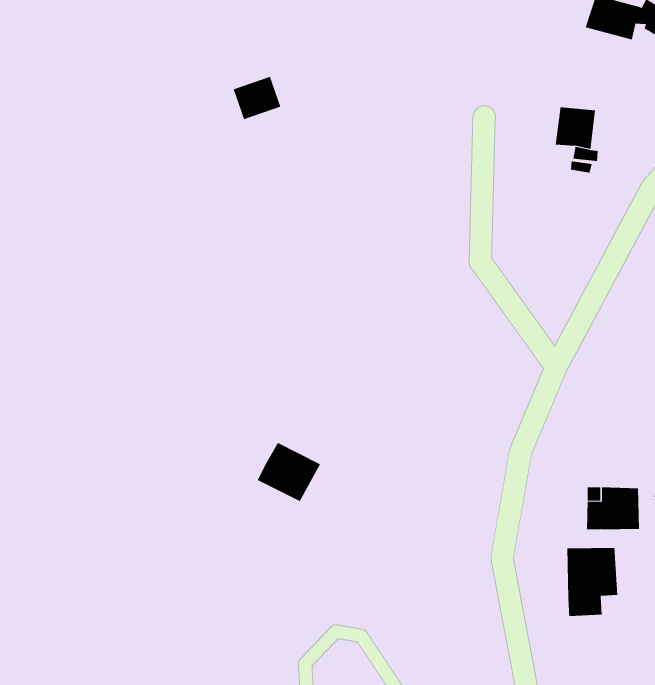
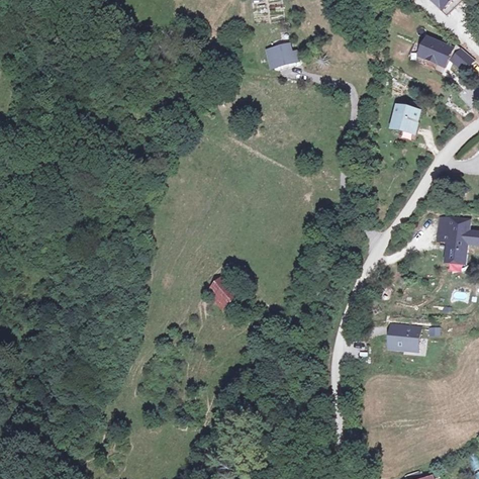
building: [233,76,281,120] -> [267,50,293,73]
building: [567,547,618,617] -> none

